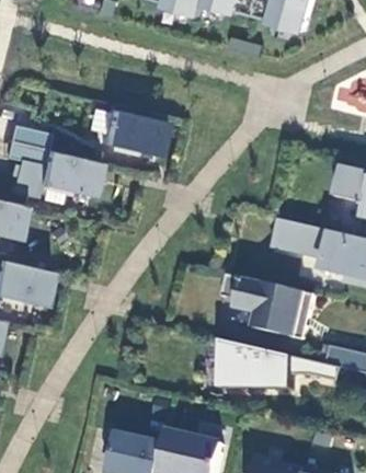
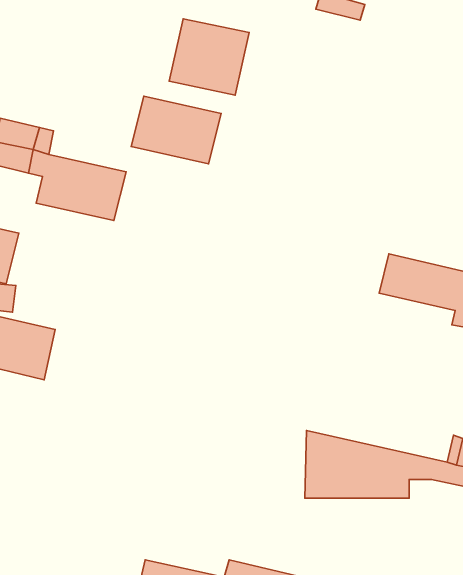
building: none -> [169,19,249,95]
building: [220,274,313,339] -> none

